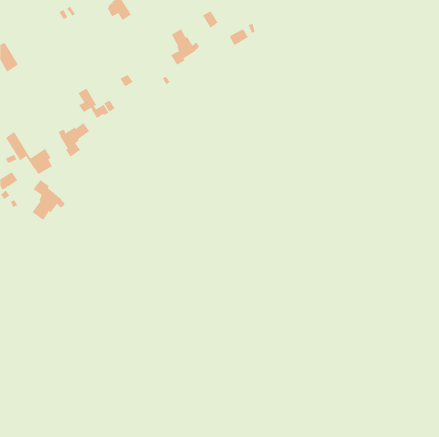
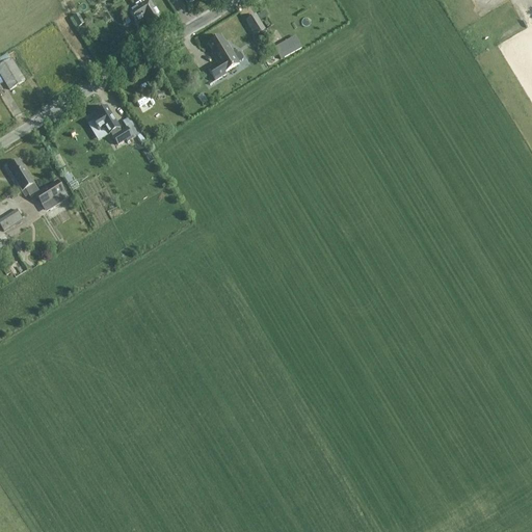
building: [59,122,90,157] -> none
building: [32,179,65,221] -> none

